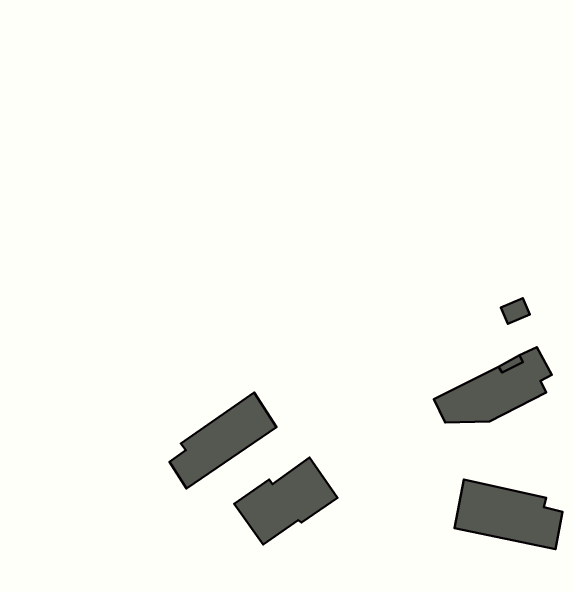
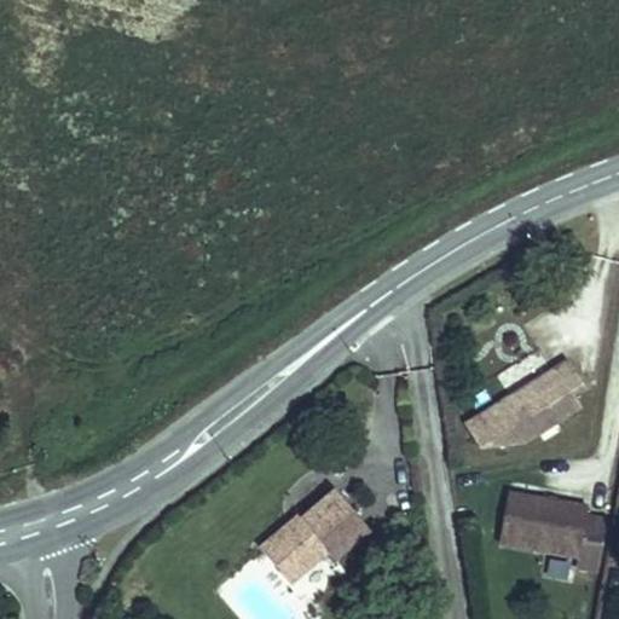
building: [169,393,277,488] -> none

